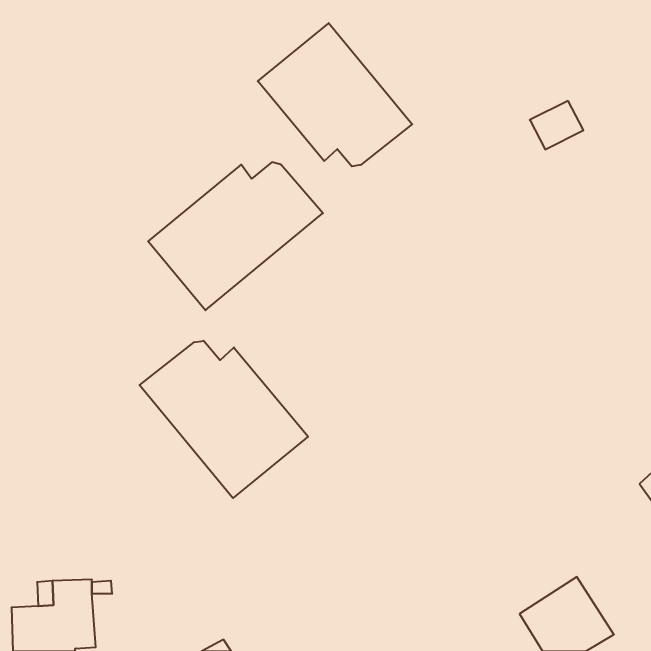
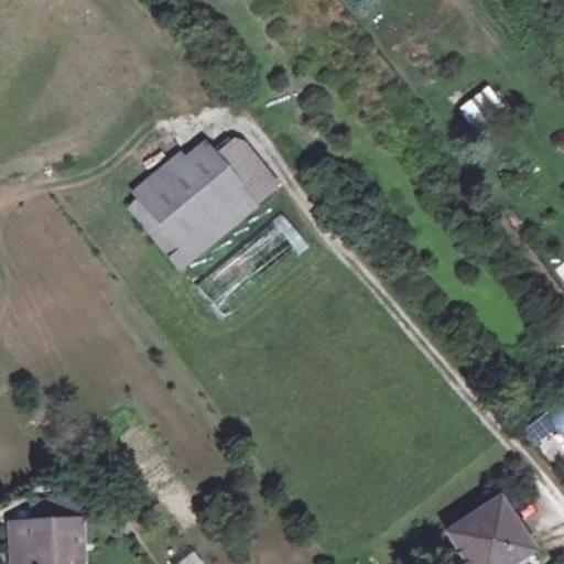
building: [258,23,412,166] -> none
building: [140,341,308,498] -> none

